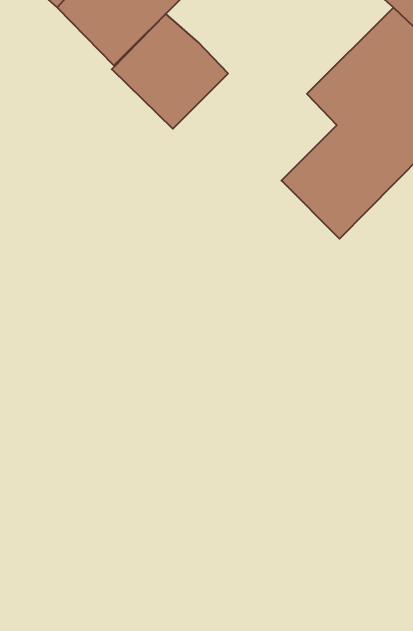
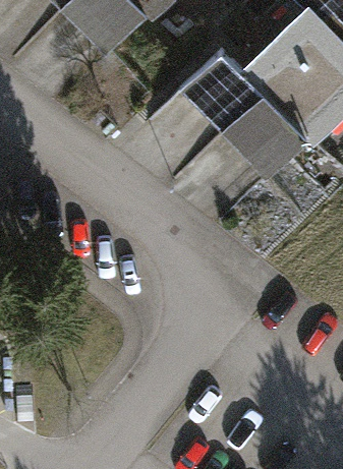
building: [112,14,228,129] -> [182,54,266,136]

